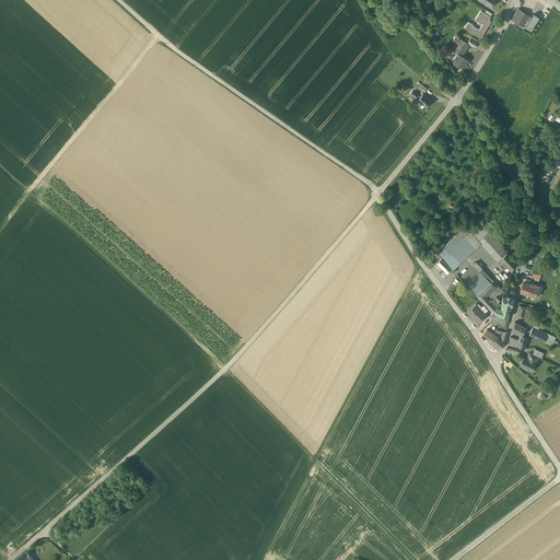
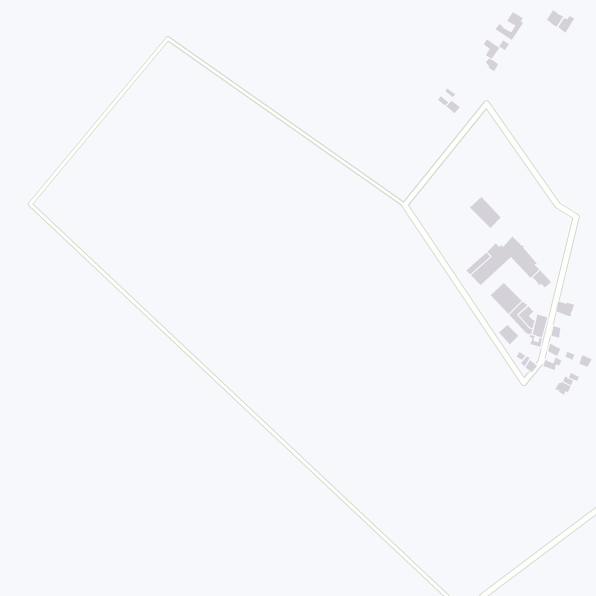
building: none -> [469,196,502,229]

